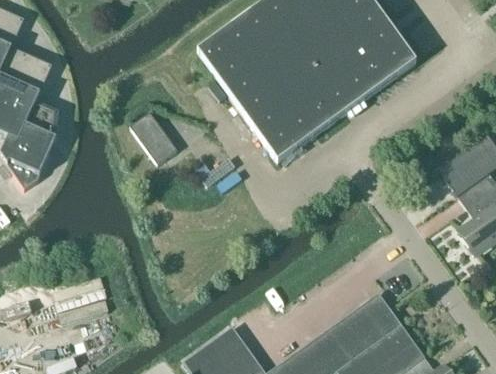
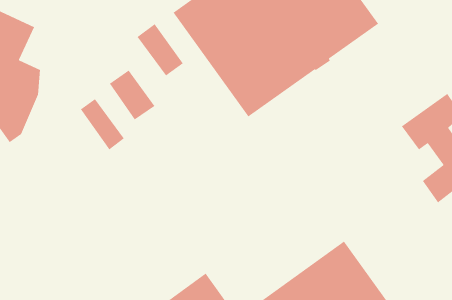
building: none -> [136,23,184,77]
building: none -> [80,98,125,150]

